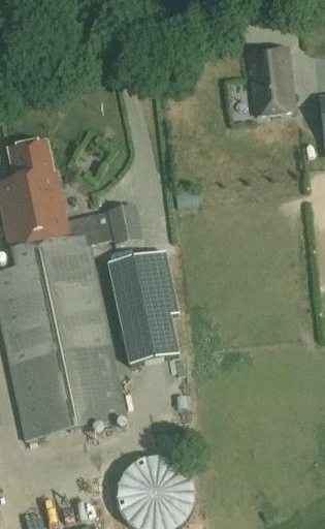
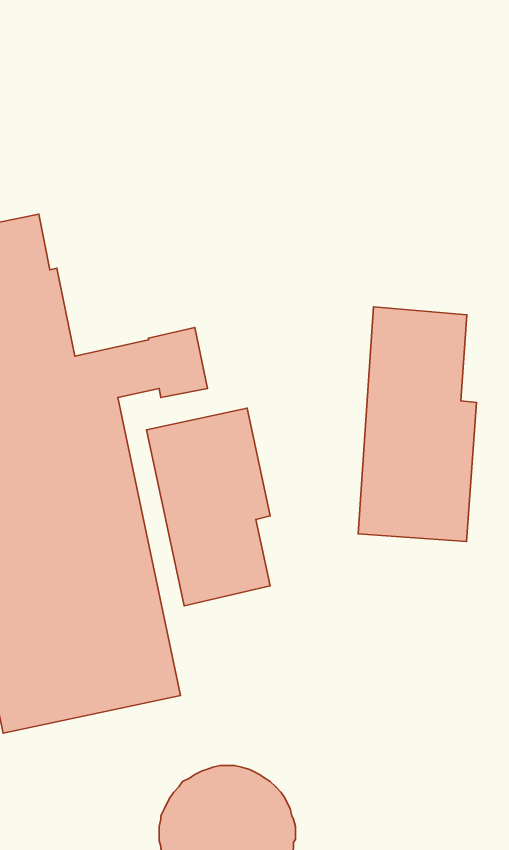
building: [248,46,293,113] -> none
building: none -> [358,307,476,541]

